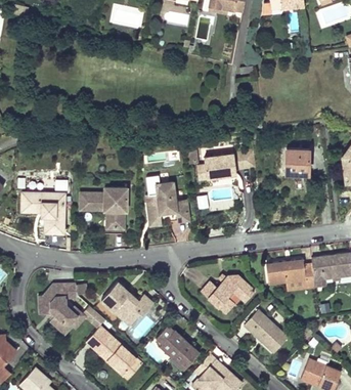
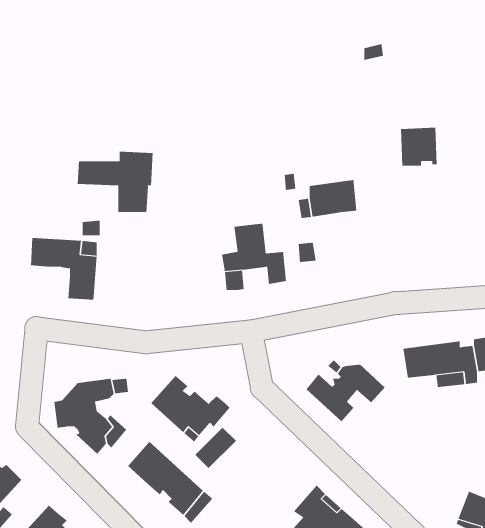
building: [284,150,309,176] -> [400,127,438,166]
building: [77,188,127,228] -> [77,151,153,212]
building: [244,310,287,352] -> none
building: [156,328,199,369] -> none

